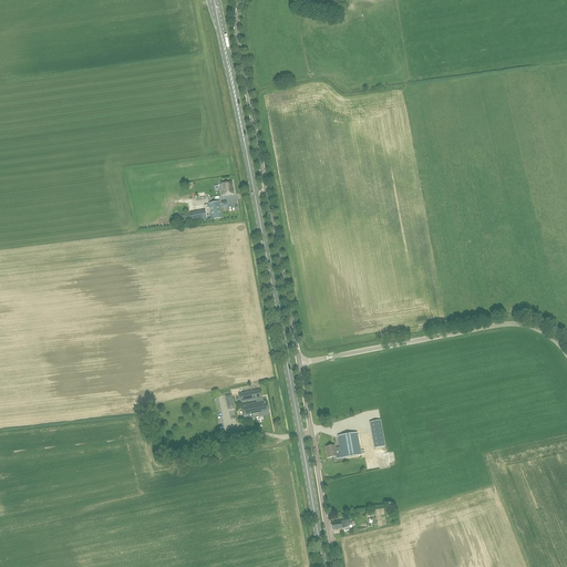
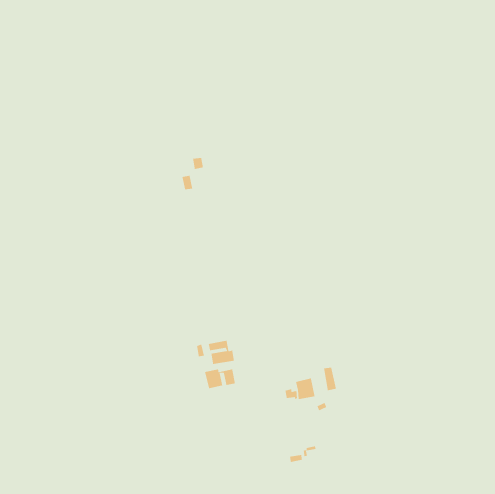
building: none -> [204,368,236,389]

